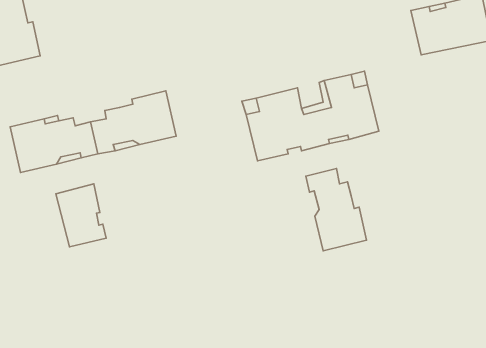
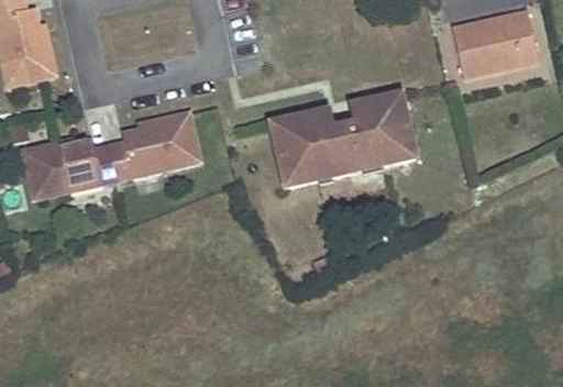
building: [306,169,367,251] -> none
building: [56,184,106,247] -> none

